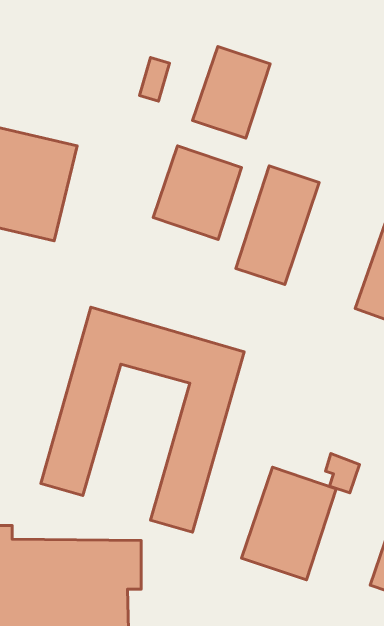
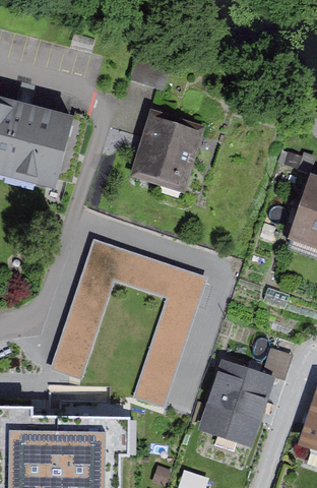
building: [192,47,270,138] -> none
building: [236,166,319,284] -> none

